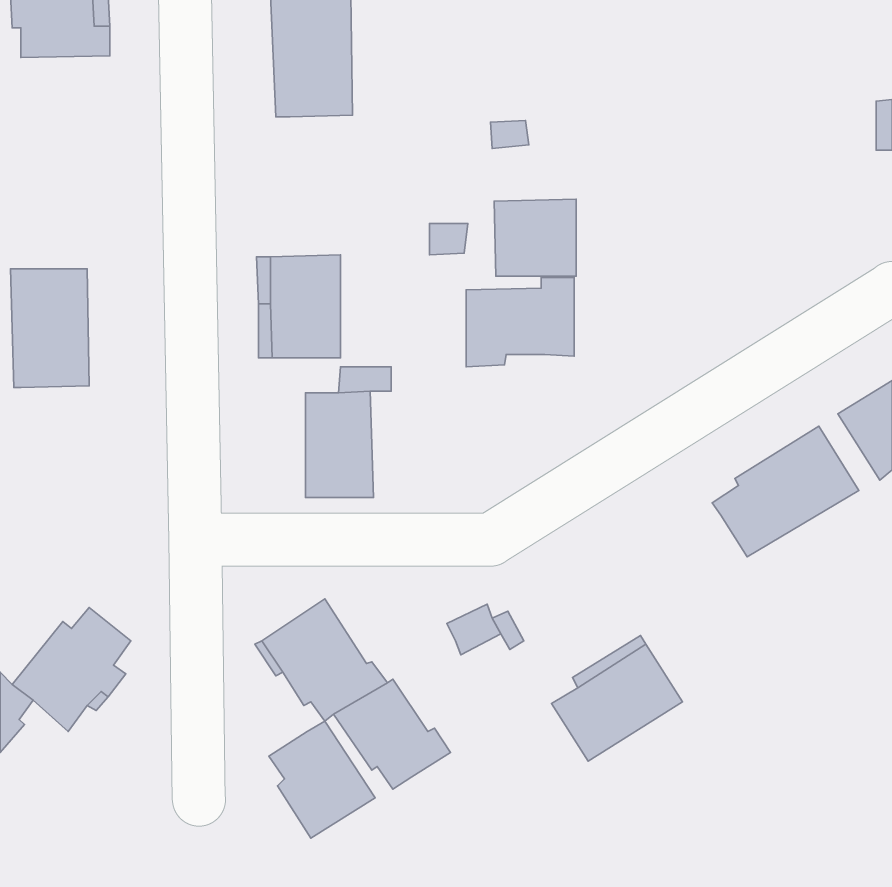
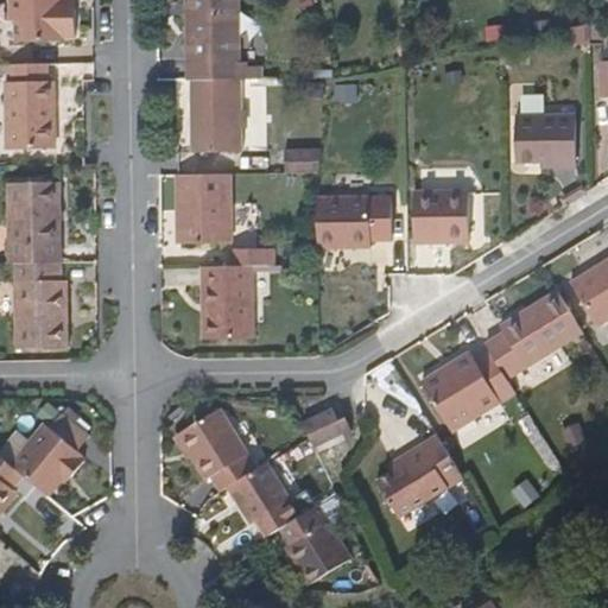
building: none -> [5,63,55,148]
building: none -> [197,78,241,151]
building: none -> [514,114,574,169]
building: [494,199,576,276] -> [412,190,468,242]
building: none -> [14,262,66,348]
building: none -> [422,350,518,431]
building: [269,721,375,838] -> [280,505,353,584]

